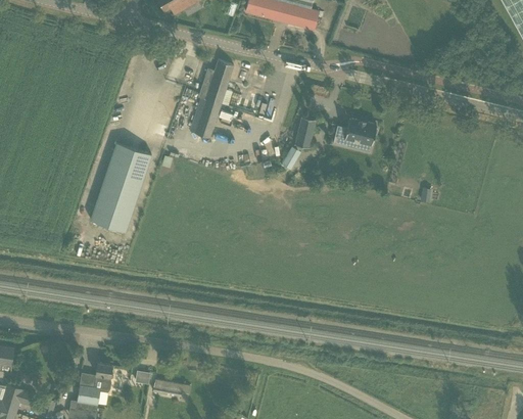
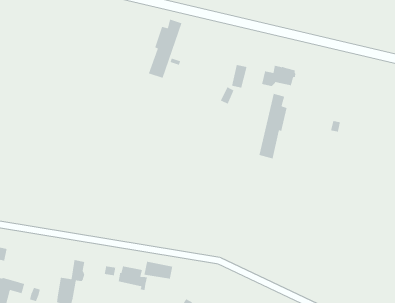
building: [90,143,151,232] -> none
building: none -> [259,93,288,159]
building: none -> [144,261,173,279]

